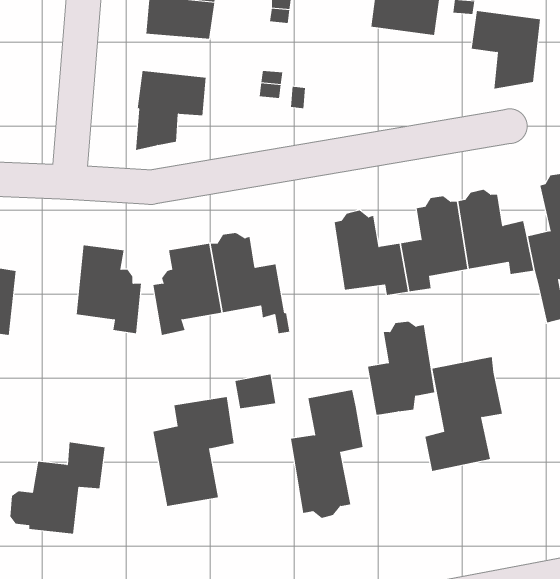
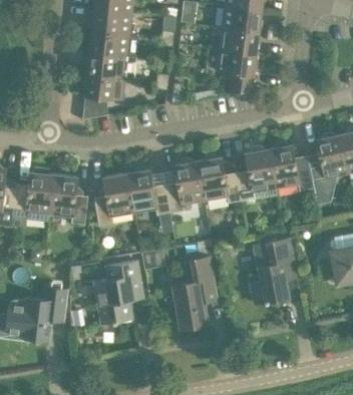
building: [471,11,541,89] -> [216,48,256,93]
building: none -> [87,52,137,78]
building: none -> [11,167,53,228]
building: [367,321,435,415] -> [164,158,204,213]

